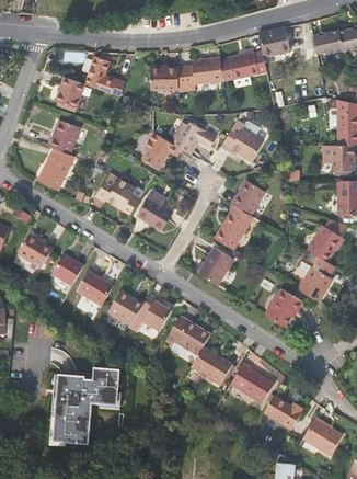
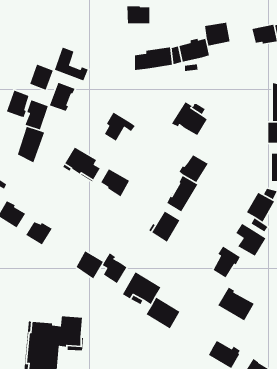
building: [151,67,178,89] -> [126,5,150,24]
building: none -> [49,82,76,112]
building: none -> [6,89,29,118]
building: [174,121,217,153] -> none
building: [79,273,114,307] -> none
building: [230,363,274,403] -> [217,287,255,322]

